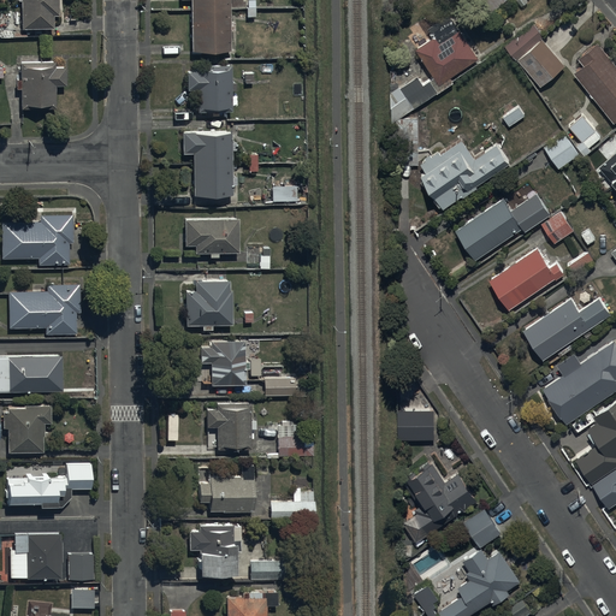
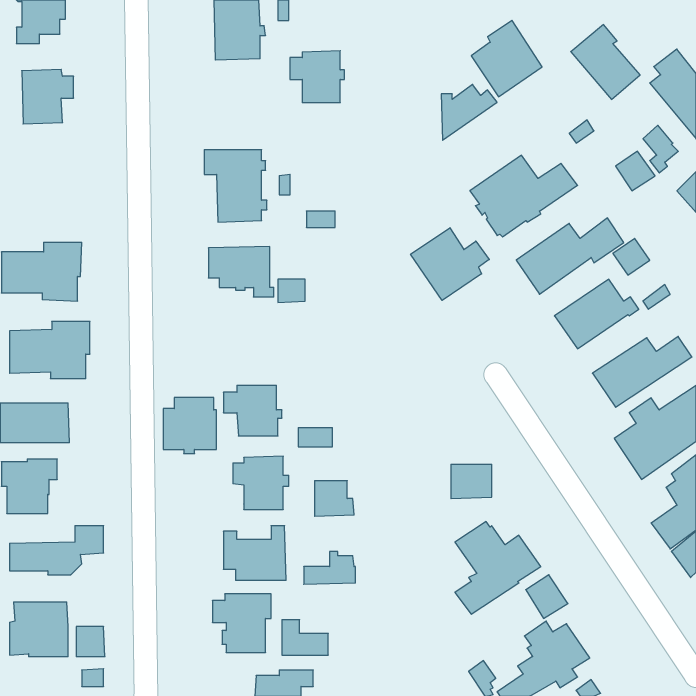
building: [186,66,235,112] -> [290,51,344,103]
building: none -> [411,228,489,300]
building: [184,280,231,330] -> [163,398,216,454]

